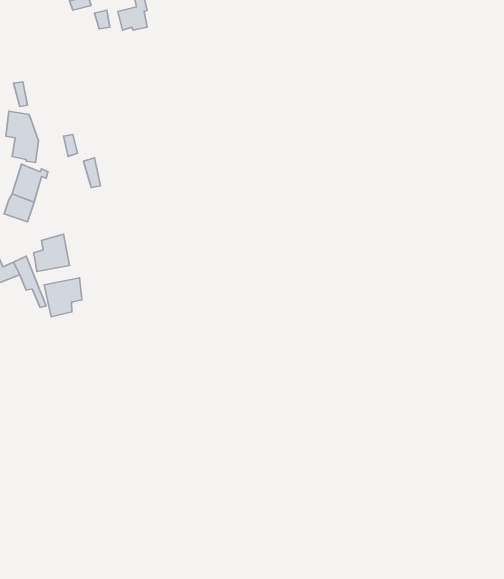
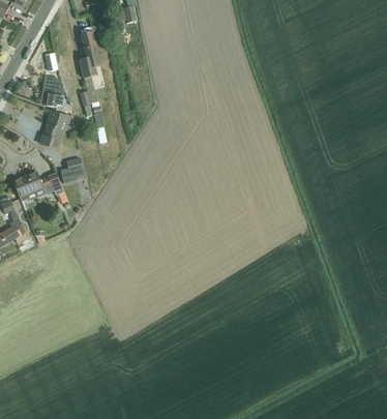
building: none -> [79,31,100,77]
building: [44,278,82,317] -> none

